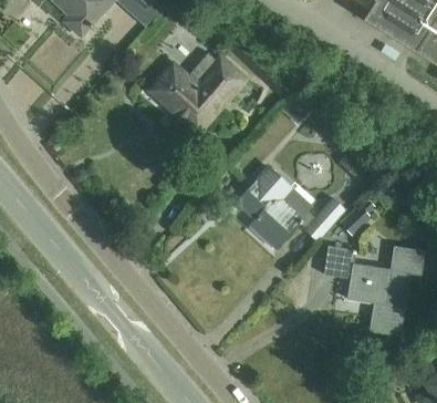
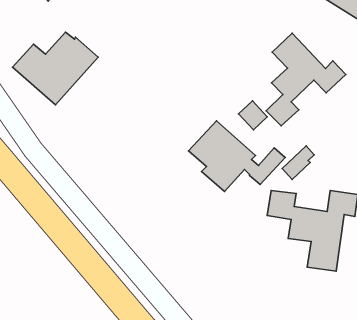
building: [149,52,244,133] -> [13,32,98,105]
building: none -> [266,33,346,126]

